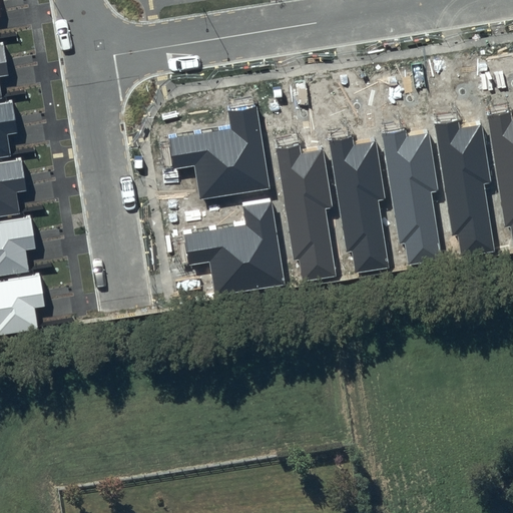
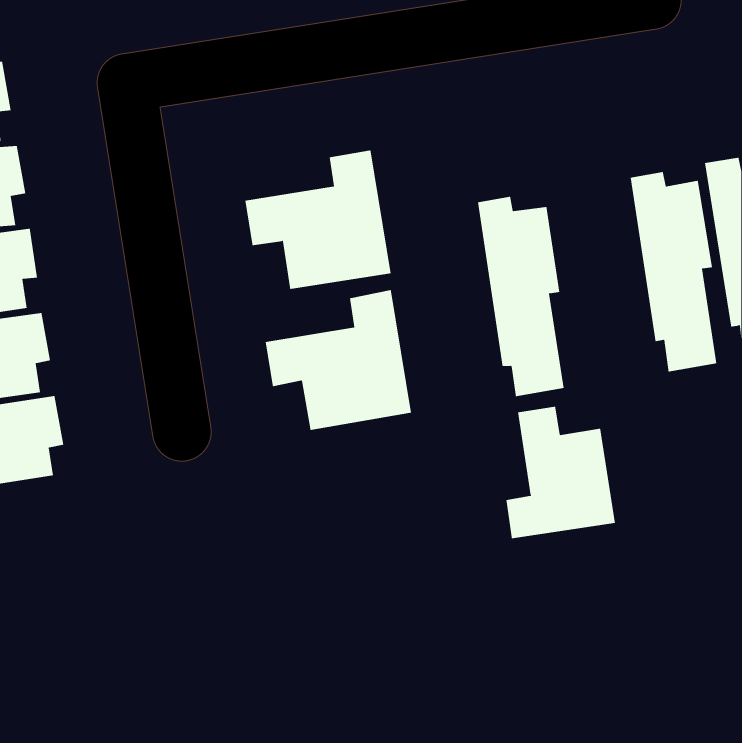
building: [381,128,442,266] -> none
building: [275,143,336,282] -> none
building: none -> [506,406,616,539]

